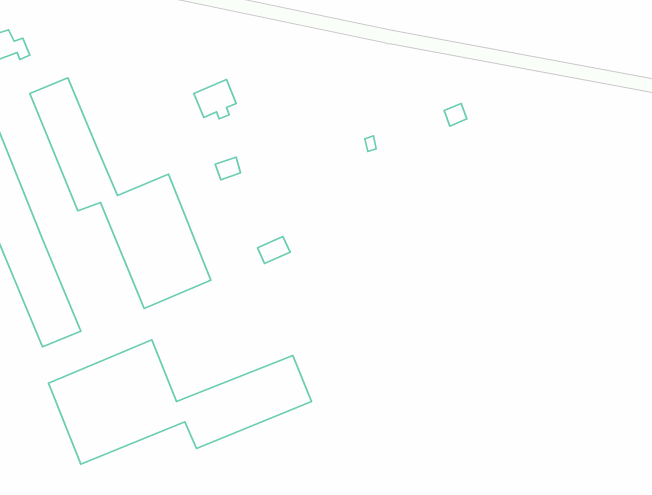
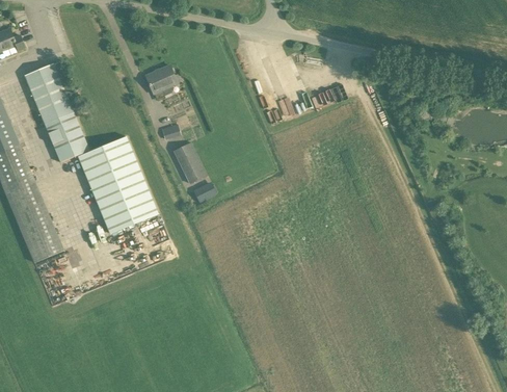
building: none -> [172,141,206,183]
building: [49,340,312,464] -> none

